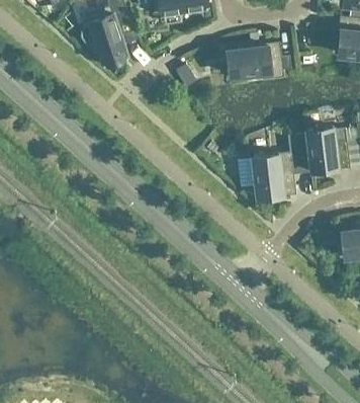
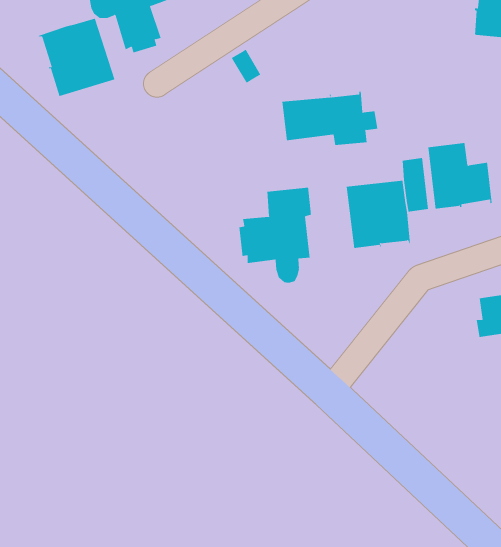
building: [226,44,290,80] -> [282,91,378,145]
building: none -> [38,18,115,97]
building: none -> [239,187,311,283]

